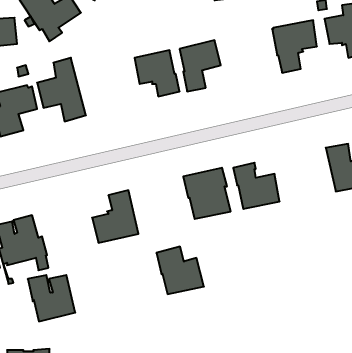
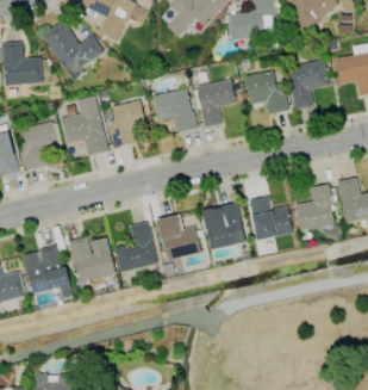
building: none -> [244,70,288,114]
building: none -> [108,100,145,148]
building: none -> [295,184,339,241]
building: [156,247,204,294] -> [156,215,201,260]
building: [28,275,75,321] -> [69,237,114,281]

